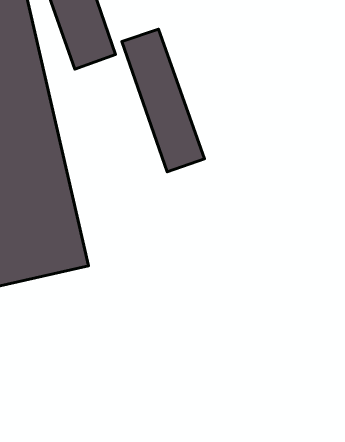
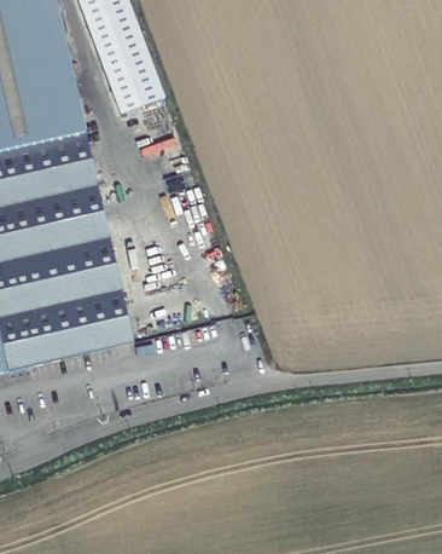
building: [122,29,205,172] -> none

